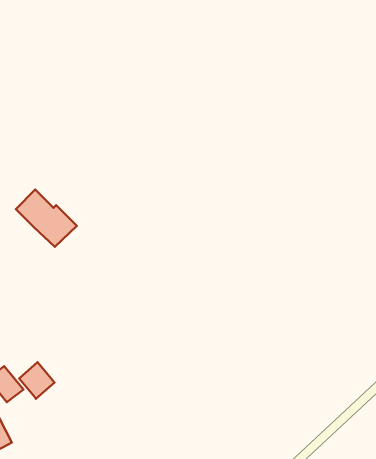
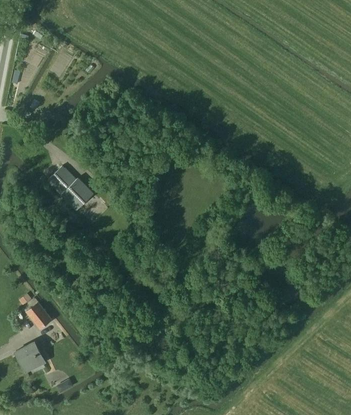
building: [19,362,54,399] -> none

